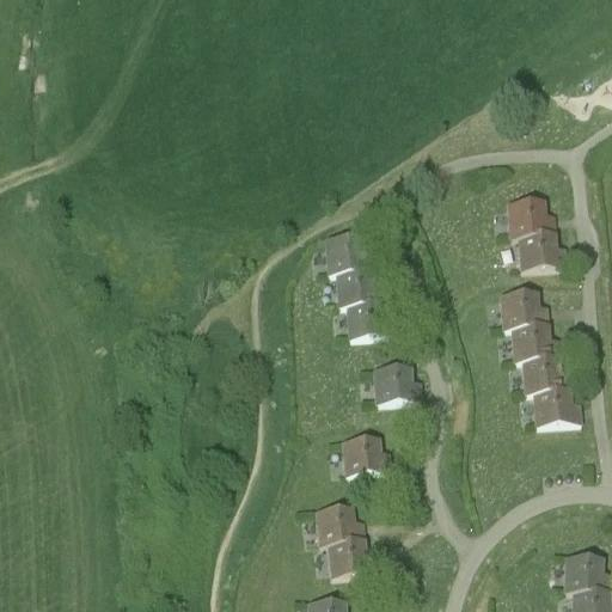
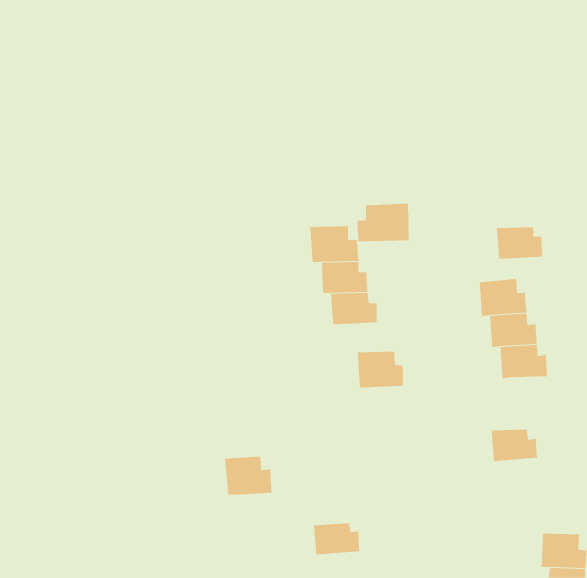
building: [504,197,555,238] -> none
building: none -> [357,203,409,242]
building: [531,391,580,424] -> [491,429,538,461]
building: [339,435,388,475] -> none
building: [313,504,363,545] -> [224,456,272,495]

